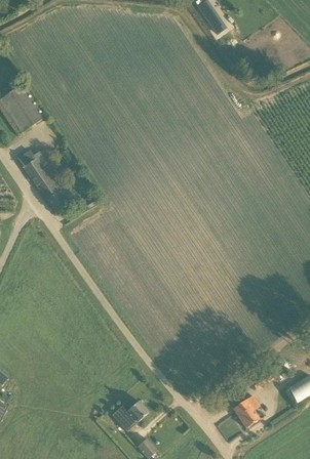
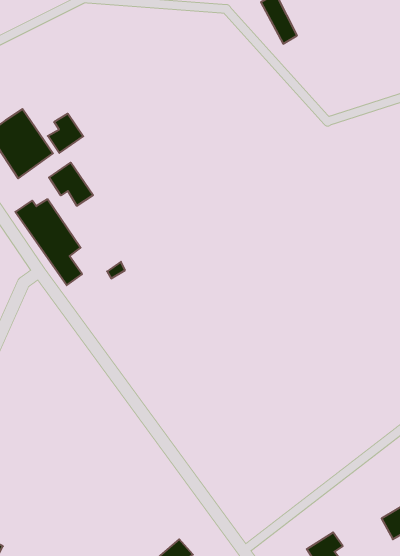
building: none -> [48,114,83,153]
building: none -> [49,163,93,206]

